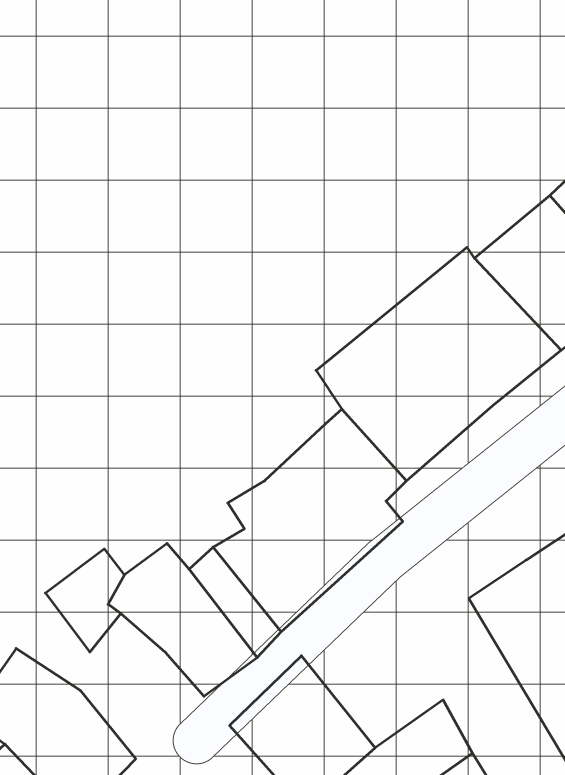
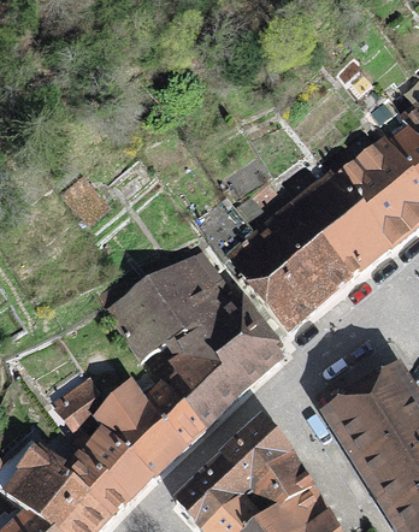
building: none -> [106,250,234,367]
building: none -> [218,412,311,510]
building: none -> [71,422,154,518]

